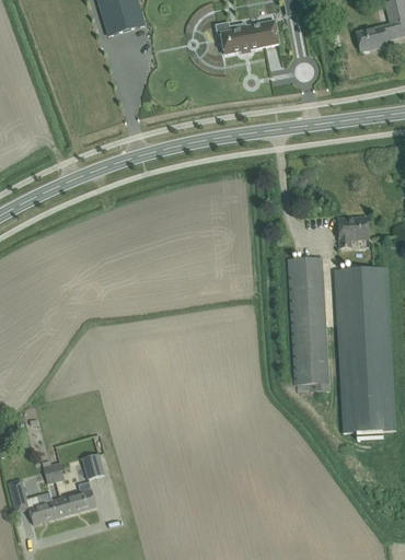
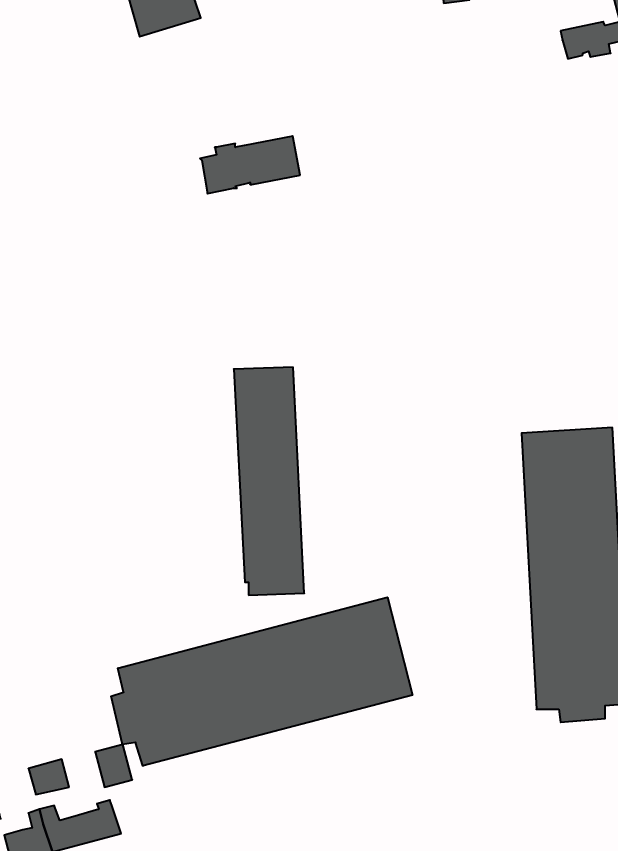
building: [219,19,278,52] -> [200,136,300,194]
building: [337,215,368,247] -> none
building: [287,256,328,390] -> [234,367,304,595]
building: none -> [111,597,412,766]

